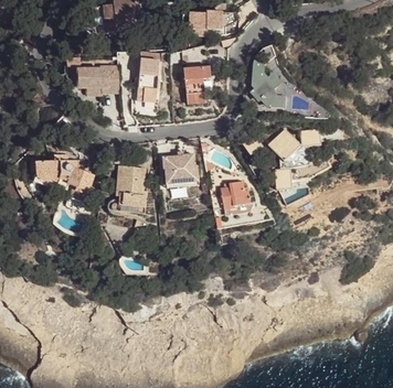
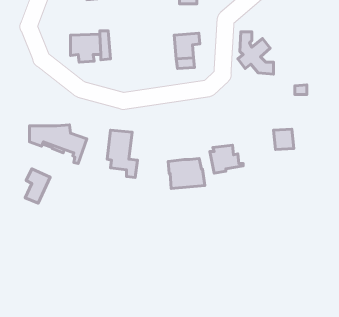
building: [137,57,159,100] -> none
building: [267,128,300,160] -> none
building: [161,152,199,183] -> [168,158,205,189]
building: none -> [25,169,50,203]

